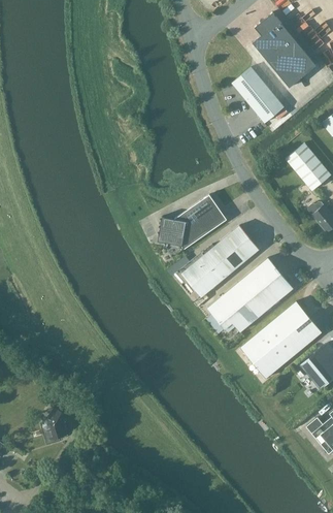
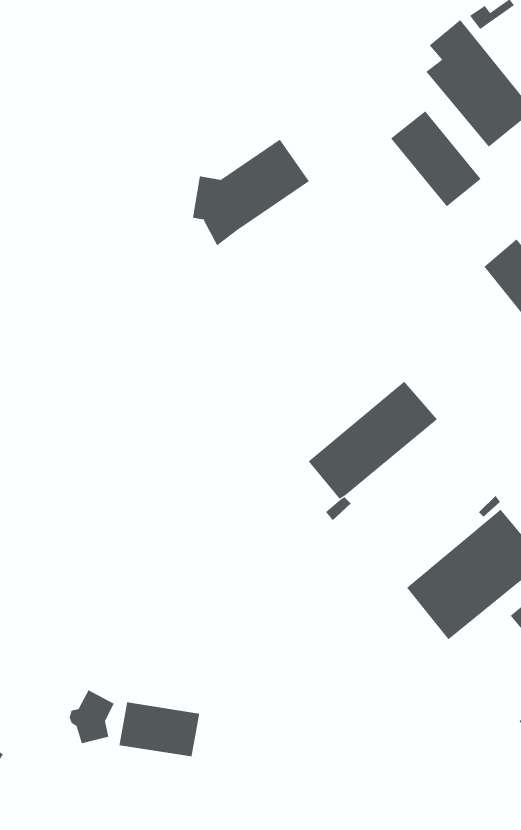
building: [158,195,227,258] -> [192,139,310,246]
building: [207,258,293,336] -> none
building: none -> [119,702,200,757]

